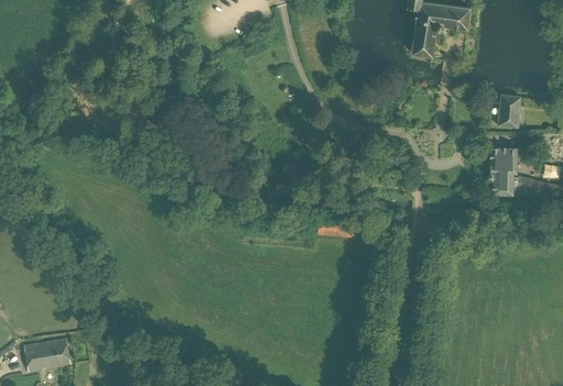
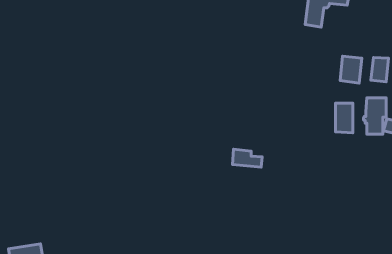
building: none -> [340,56,362,83]
building: none -> [336,103,353,133]

